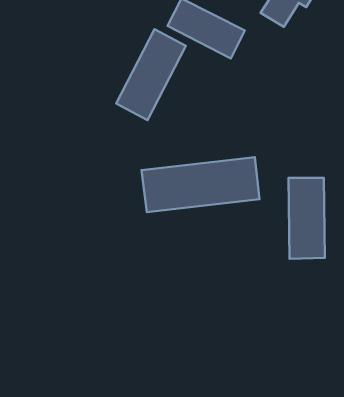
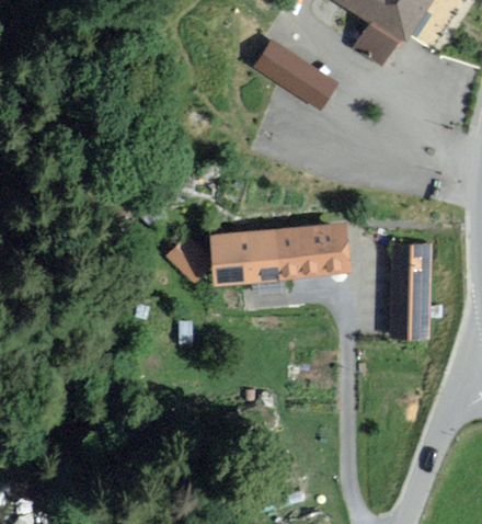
building: [116,29,186,120] -> none
building: none -> [165,237,210,284]

